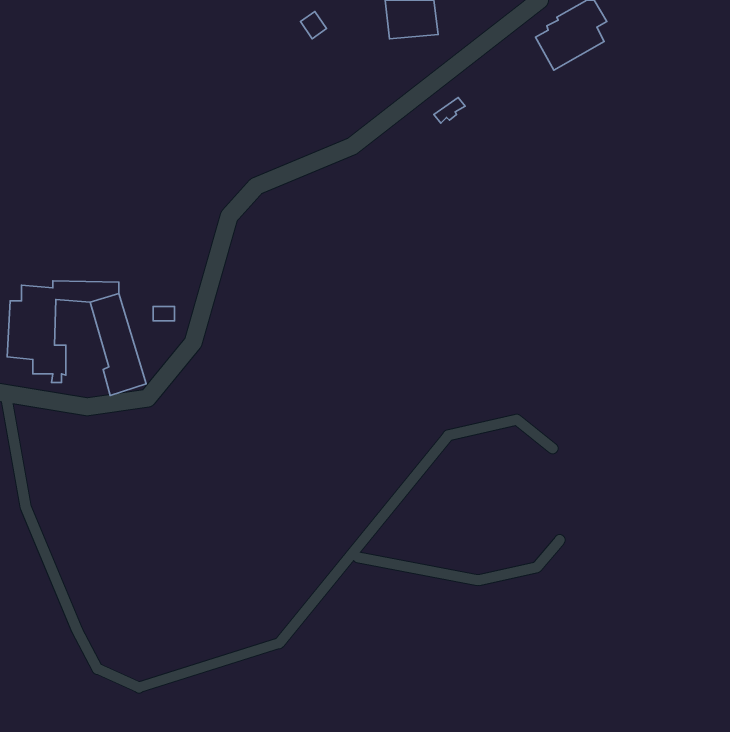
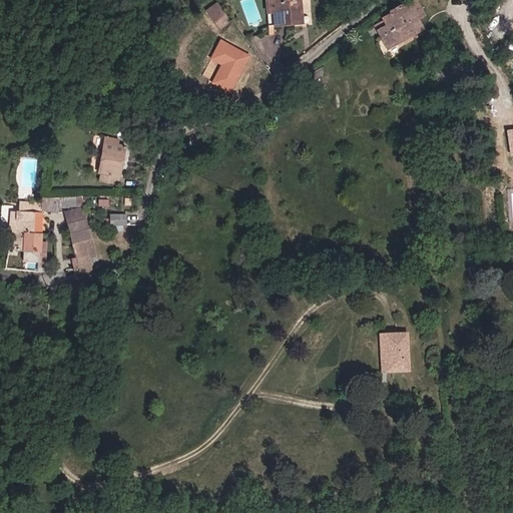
building: none -> [210,41,249,92]
building: none -> [96,137,126,184]
building: none -> [378,333,410,370]

